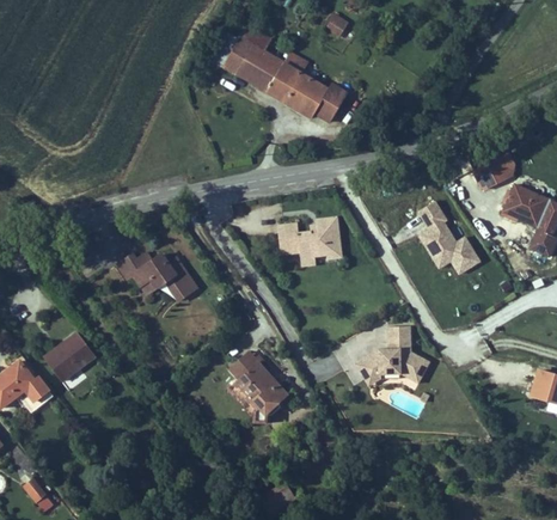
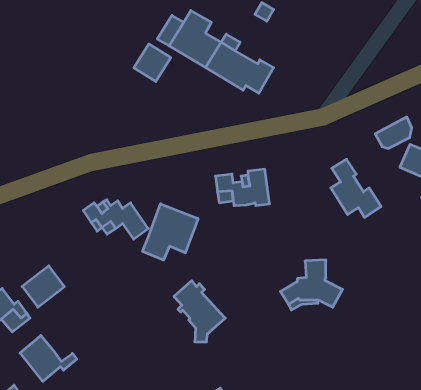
building: none -> [134,44,171,82]
building: none -> [143,204,198,260]
building: none -> [20,335,77,381]

